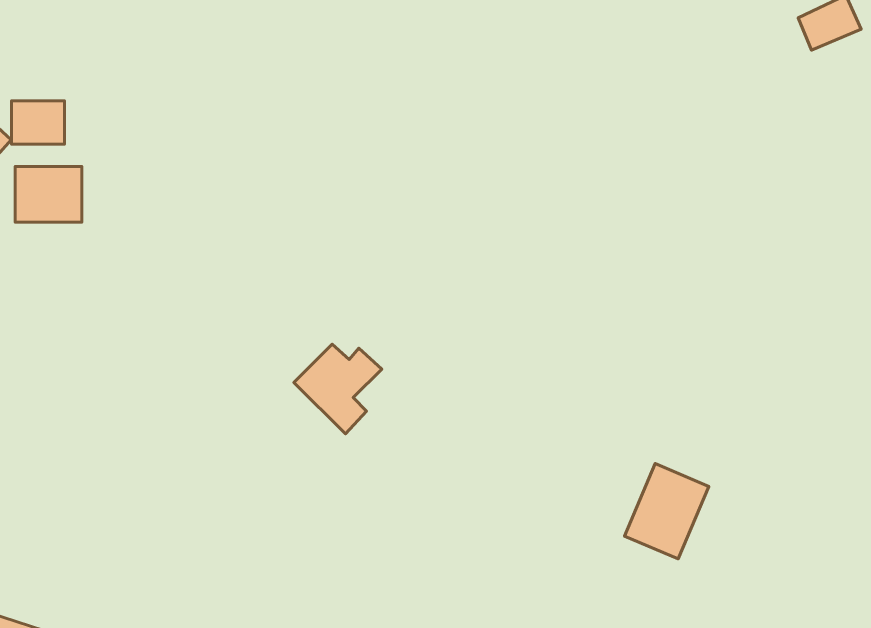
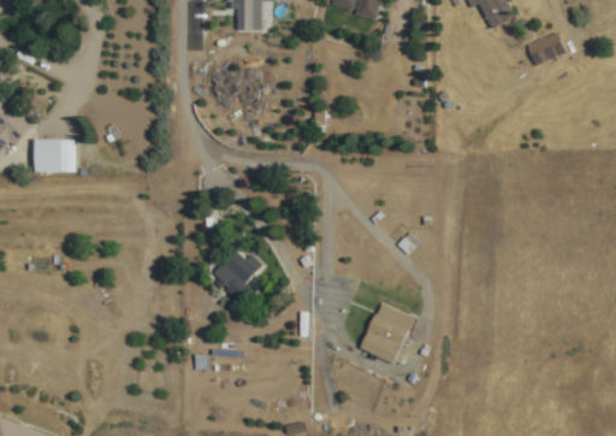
building: [12,101,65,144] -> none
building: [625,464,709,559] -> [359,304,411,364]

